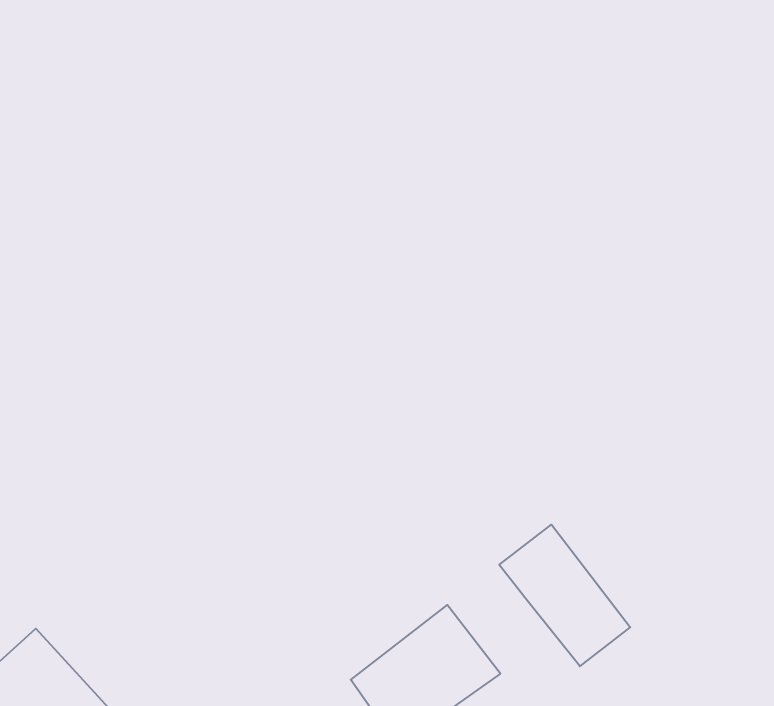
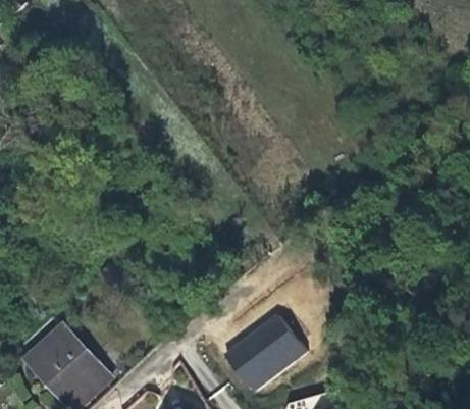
building: [499,525,630,666] -> none

